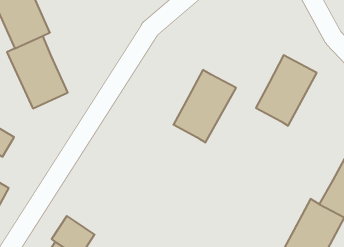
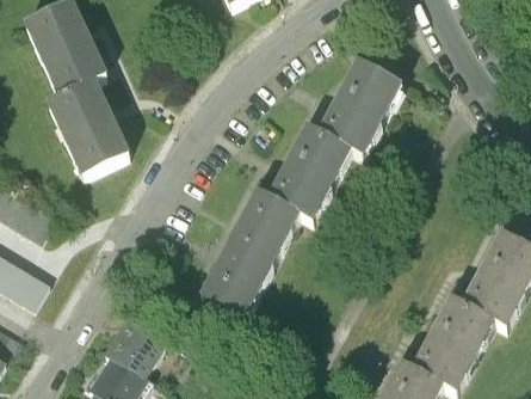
building: [256,55,317,126] -> [317,61,399,155]
building: none -> [199,192,298,319]

